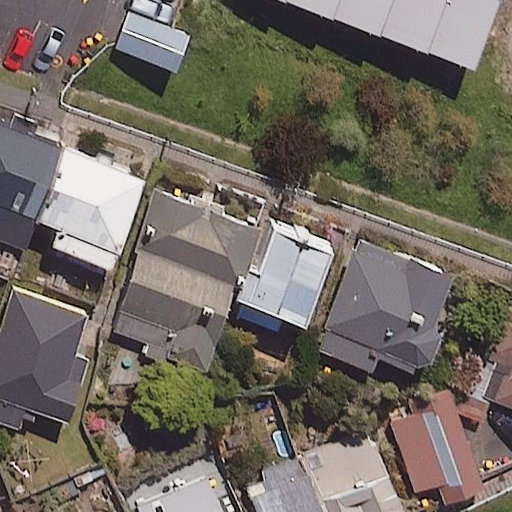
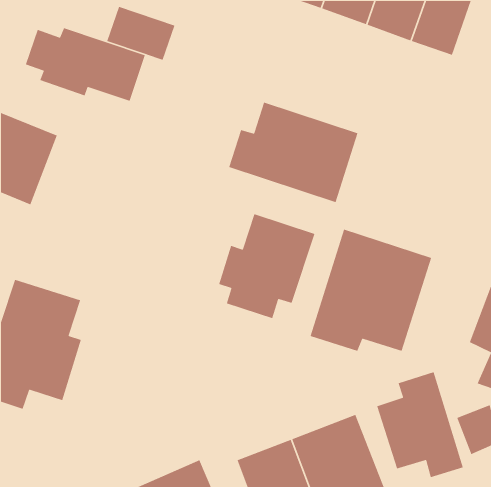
building: none -> [25,27,146,102]
building: none -> [228,102,358,203]
building: [34,146,142,266] -> none
building: [112,193,253,370] -> none

